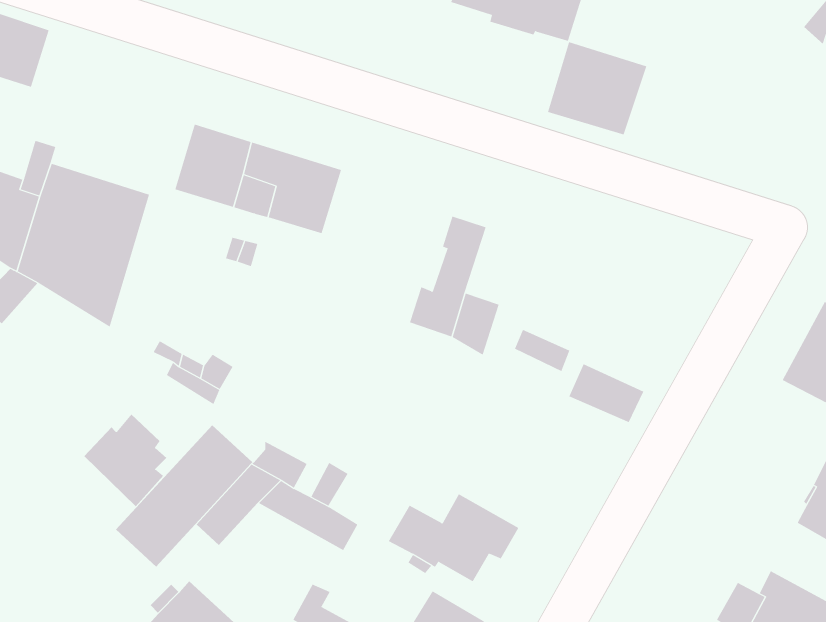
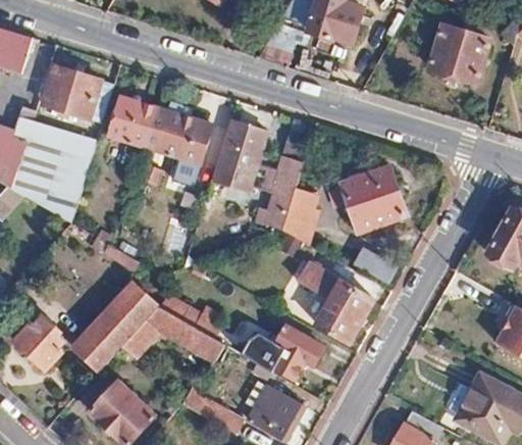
building: [547,42,647,135] -> [428,24,490,83]
building: none -> [42,65,113,121]
building: none -> [213,119,268,190]
building: none -> [341,164,408,233]
building: none -> [299,262,375,343]
building: [83,413,167,507] -> [13,313,65,372]

